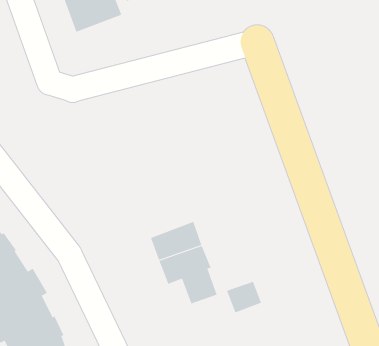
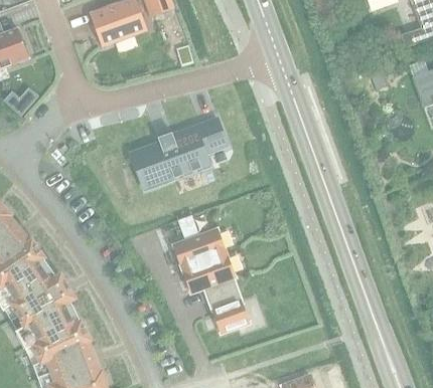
building: none -> [131,117,226,187]
building: [227,281,262,313] -> [212,301,247,332]

